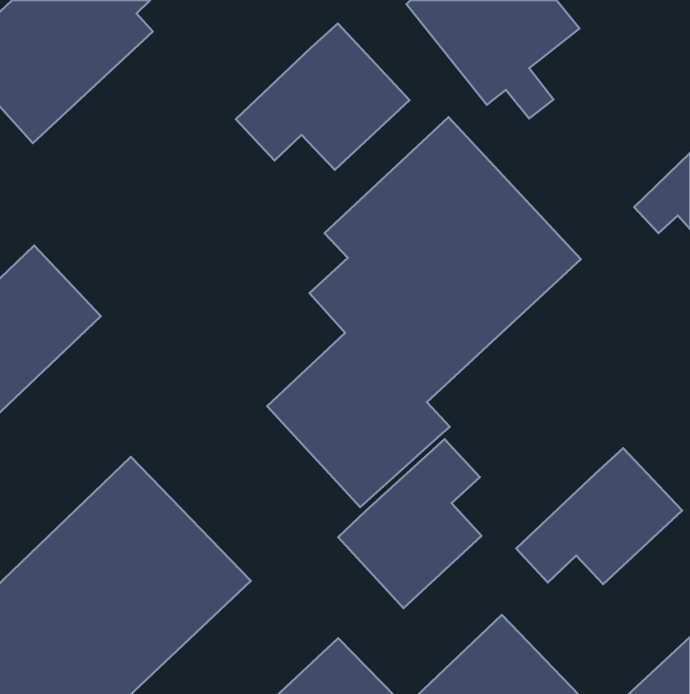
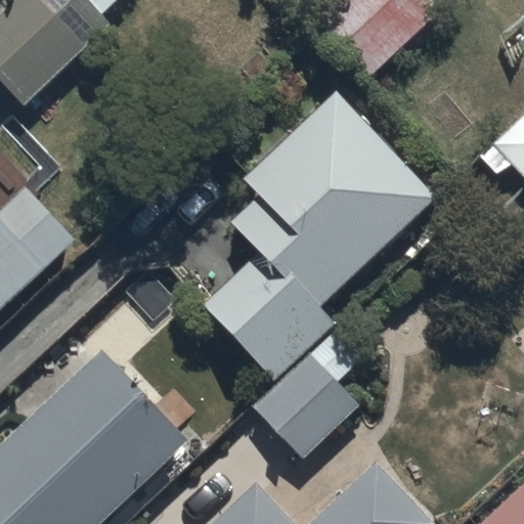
building: [236,23,410,170] -> none
building: [516,448,682,584] -> none

